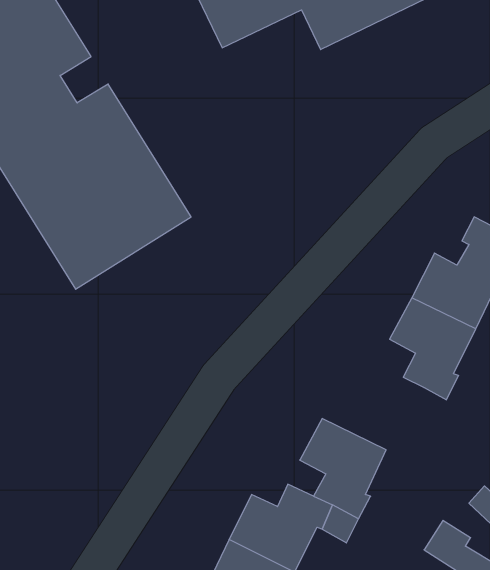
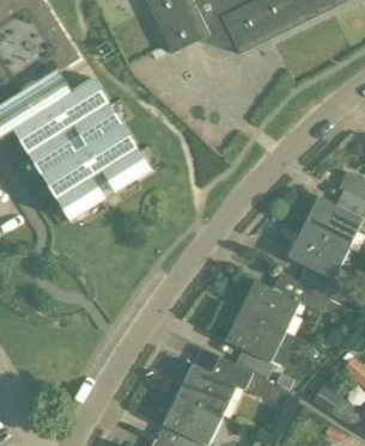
building: none -> [241,271,327,331]

